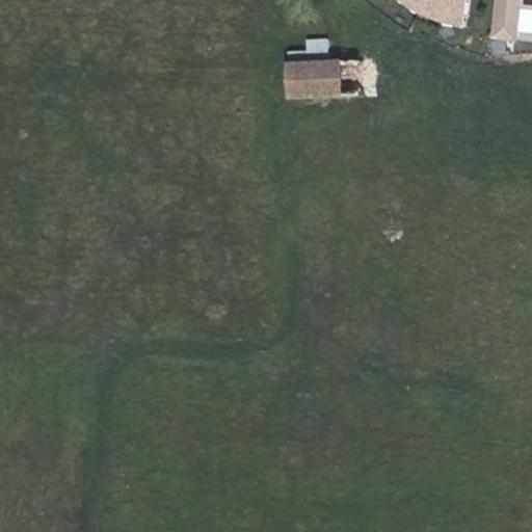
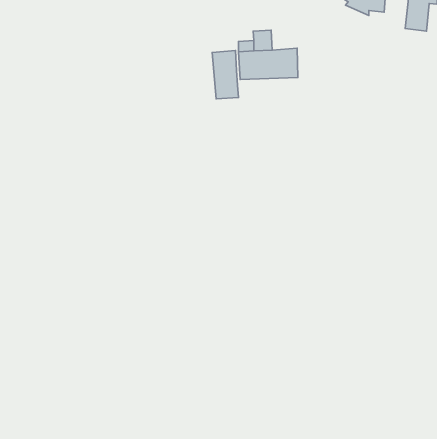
building: none -> [212,51,238,99]

